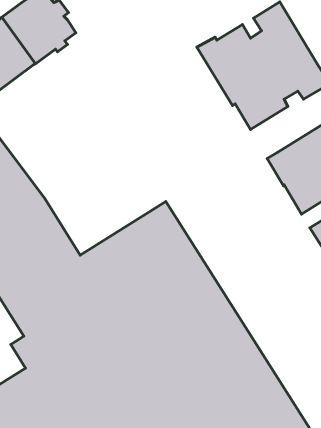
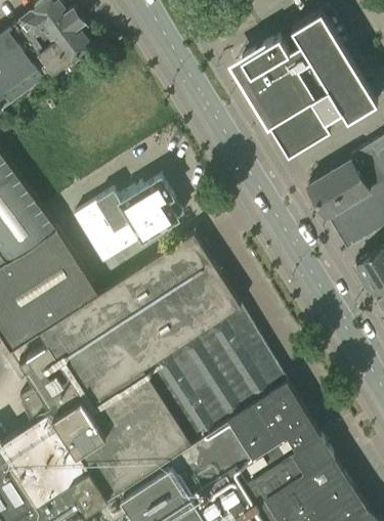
building: none -> [73,179,183,263]

